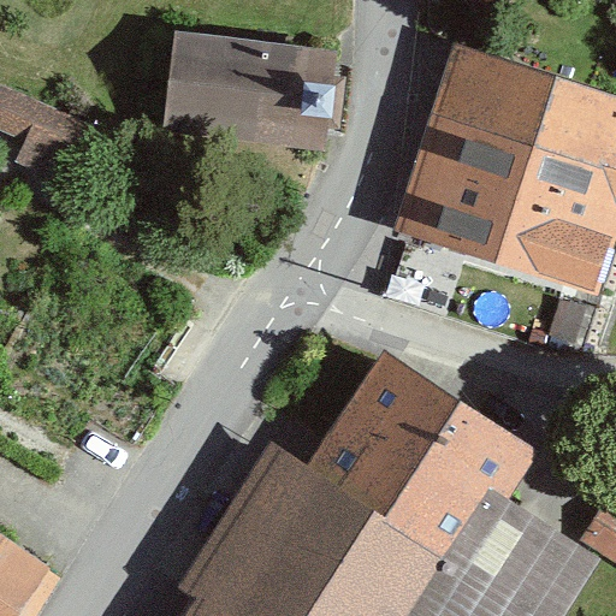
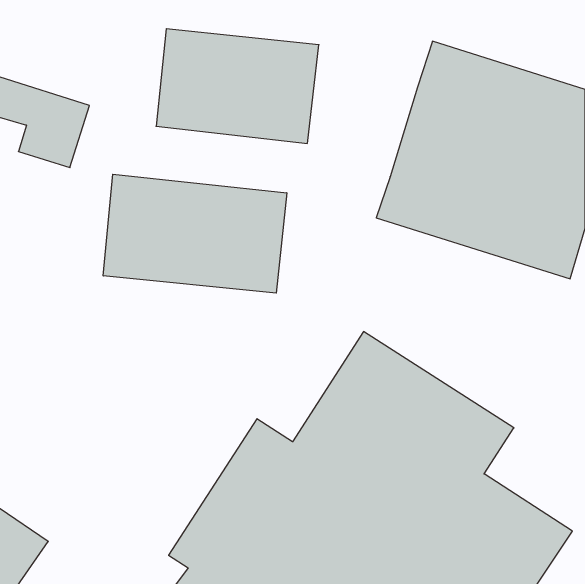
building: none -> [103,174,287,293]

